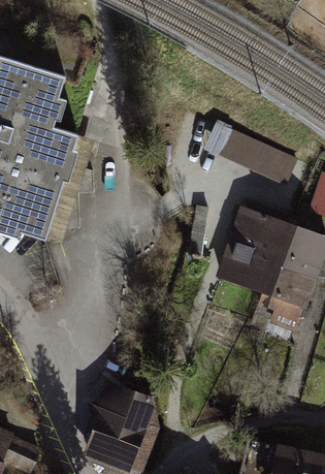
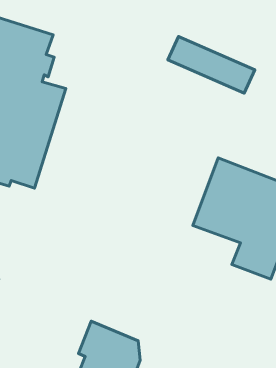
building: [205,125,297,185] -> [168,36,255,93]

